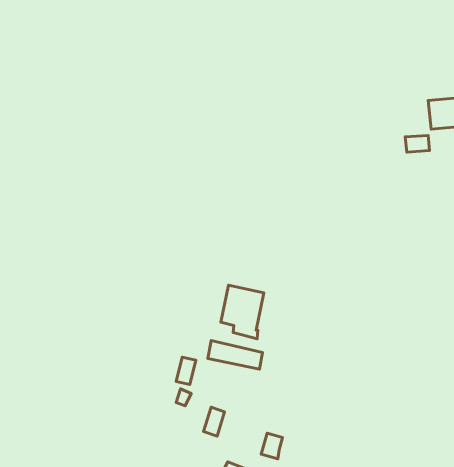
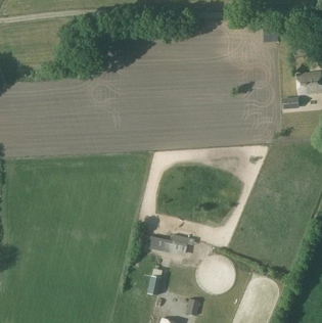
building: [221,285,264,339] -> none

